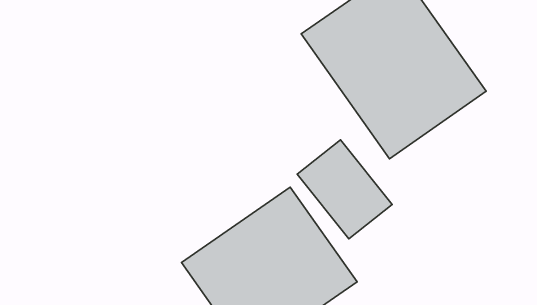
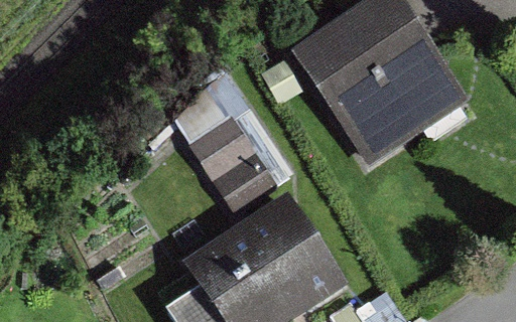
building: [297,140,392,239] -> [197,111,285,203]

